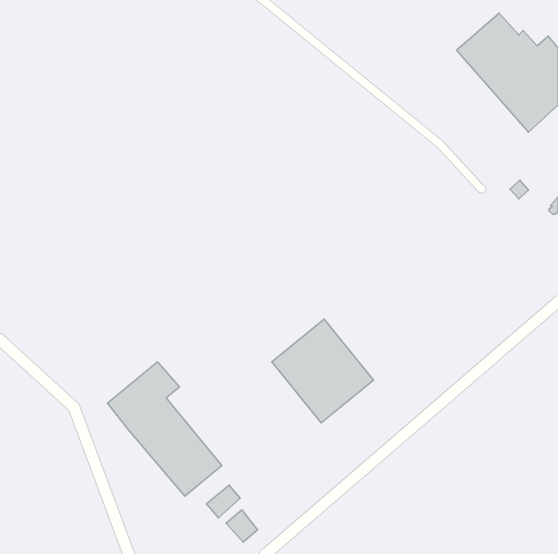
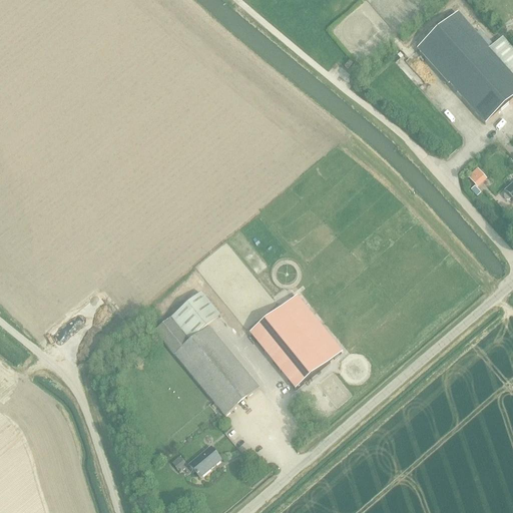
building: [107,362,222,496] -> [153,291,259,414]
building: [226,510,257,542] -> none

